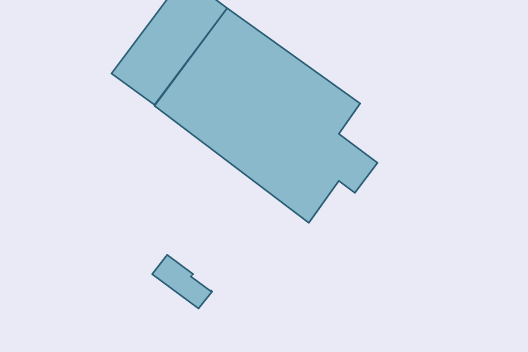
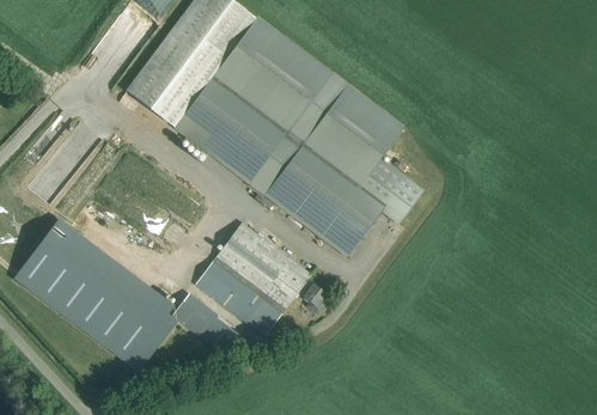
building: none -> [14,219,177,371]
building: none -> [196,224,327,335]

